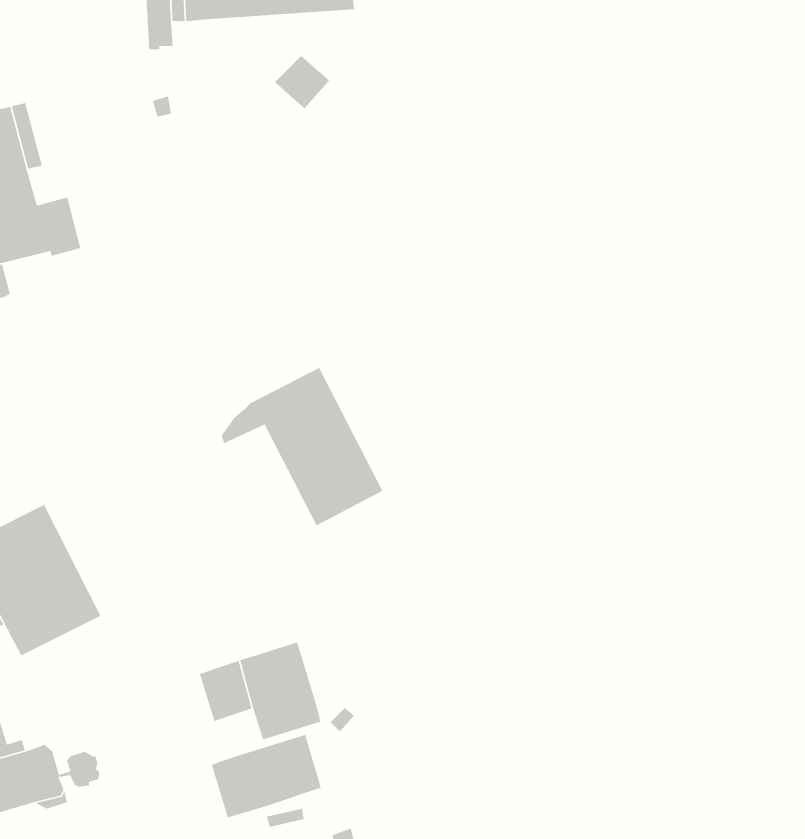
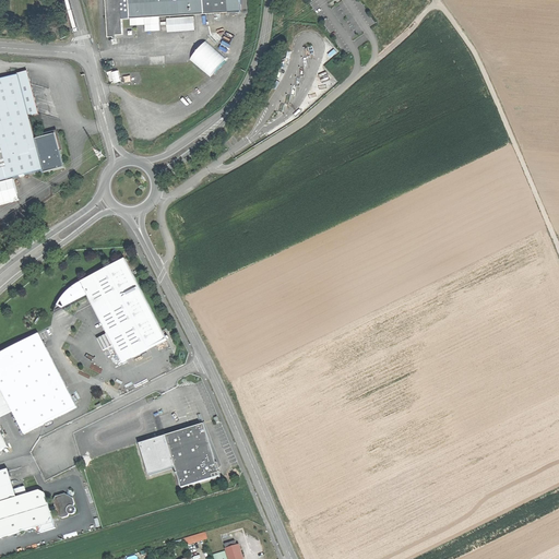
building: [221,367,383,526] -> [58,258,164,361]
building: [211,734,322,819] -> none

